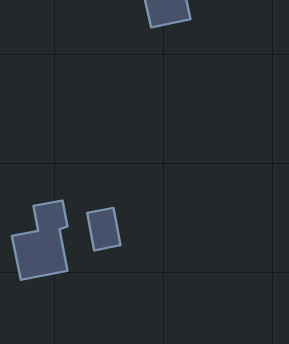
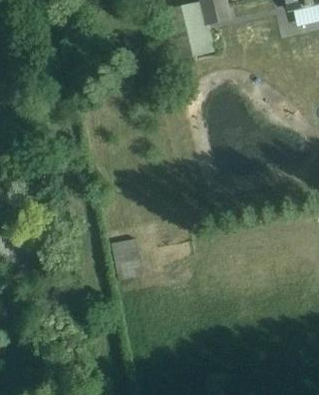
building: [12,201,68,280] -> none

